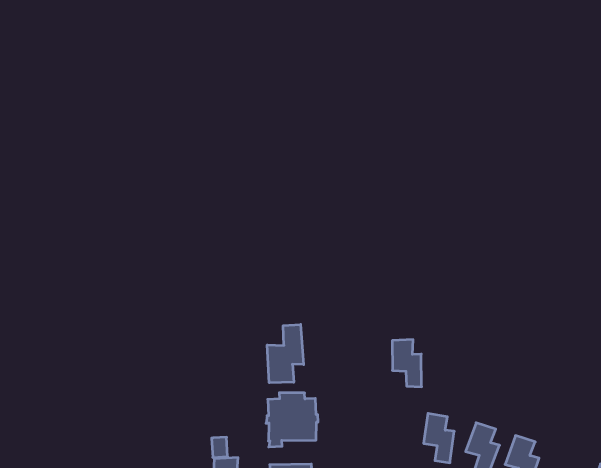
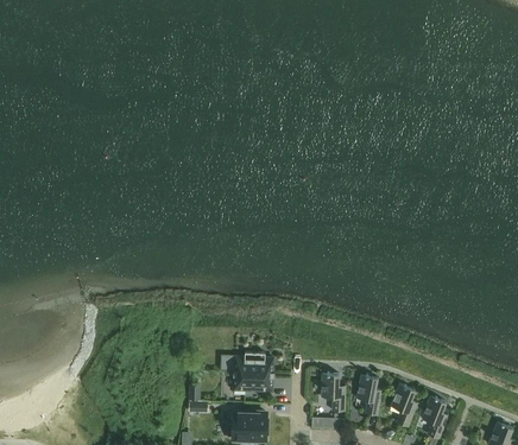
building: [267,324,304,383] -> none
building: [392,340,422,387] -> [321,374,345,412]

